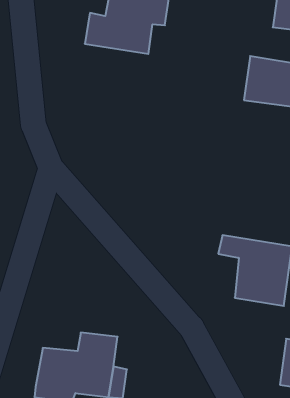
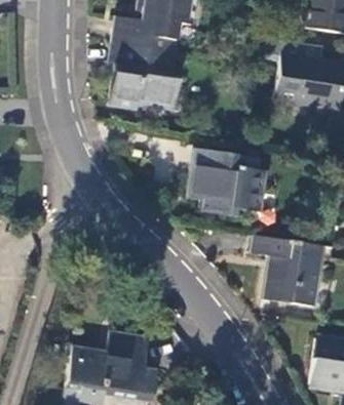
building: none -> [110,44,184,109]
building: none -> [198,149,275,213]

